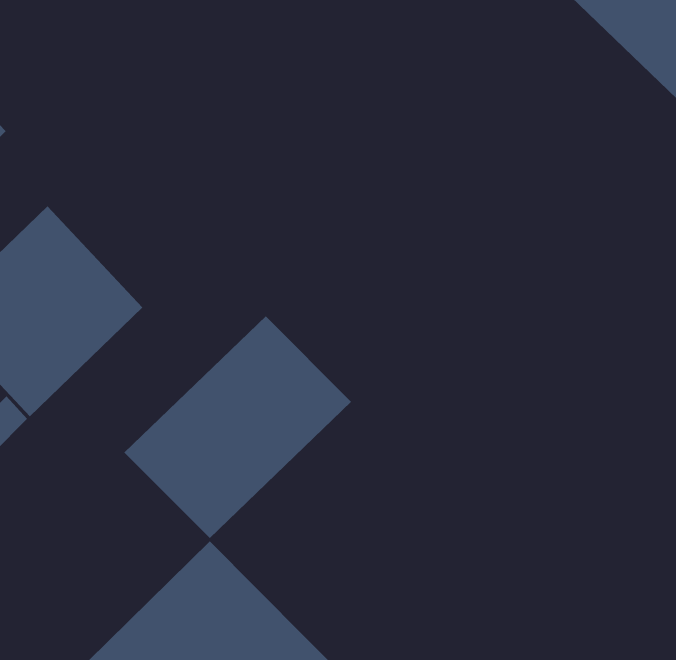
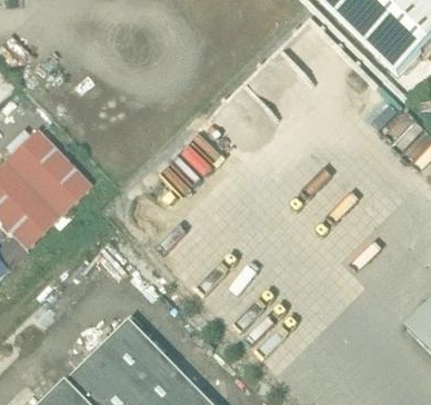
building: [124,315,352,539] -> none

